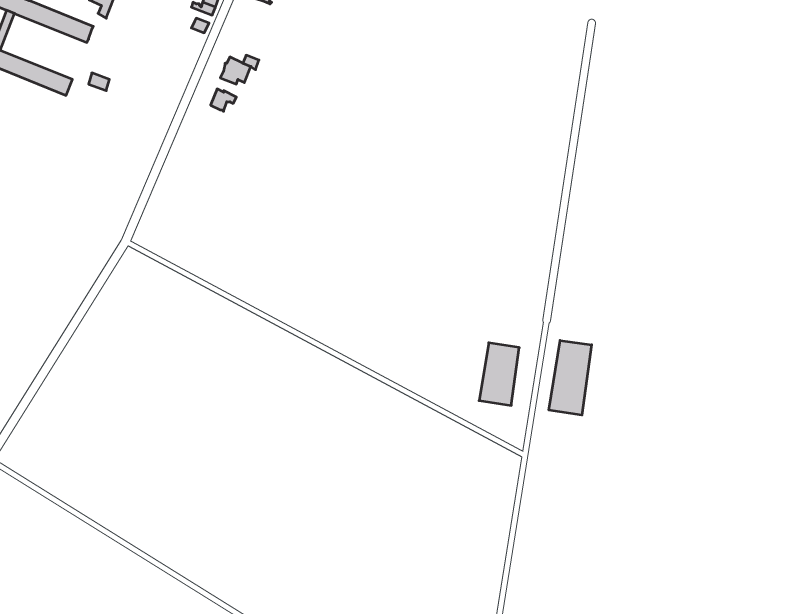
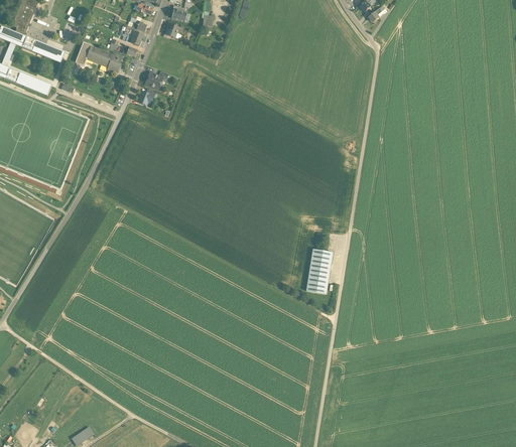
building: none -> [75,41,123,72]
building: [549,340,592,415] -> none

